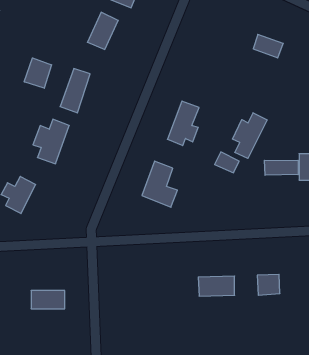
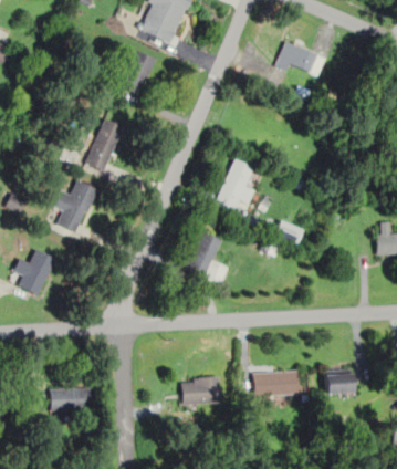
building: [253,34,283,58] -> [280,41,316,70]
building: [24,58,52,88] -> none
building: [232,113,267,158] -> none
building: [265,160,298,175] -> none
building: none -> [182,377,219,403]

